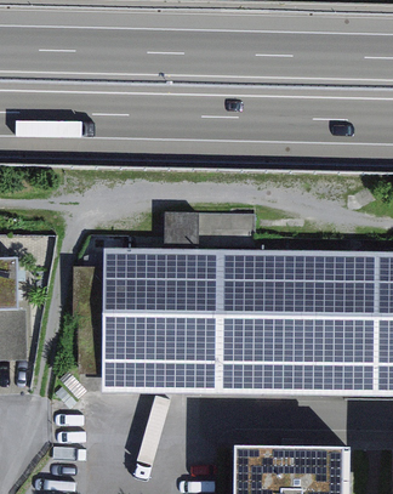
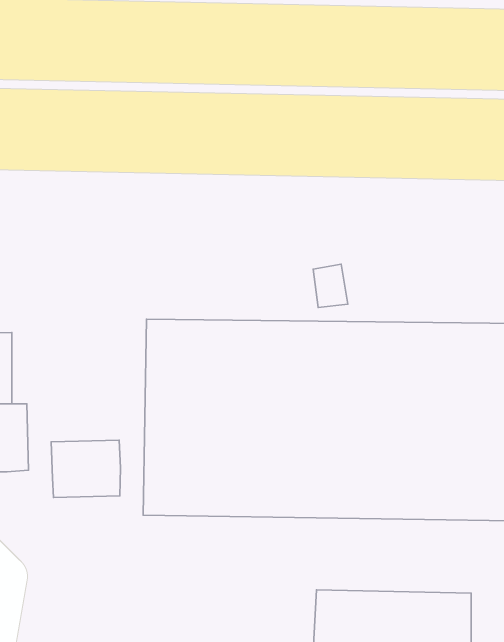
building: none -> [51,440,120,497]

